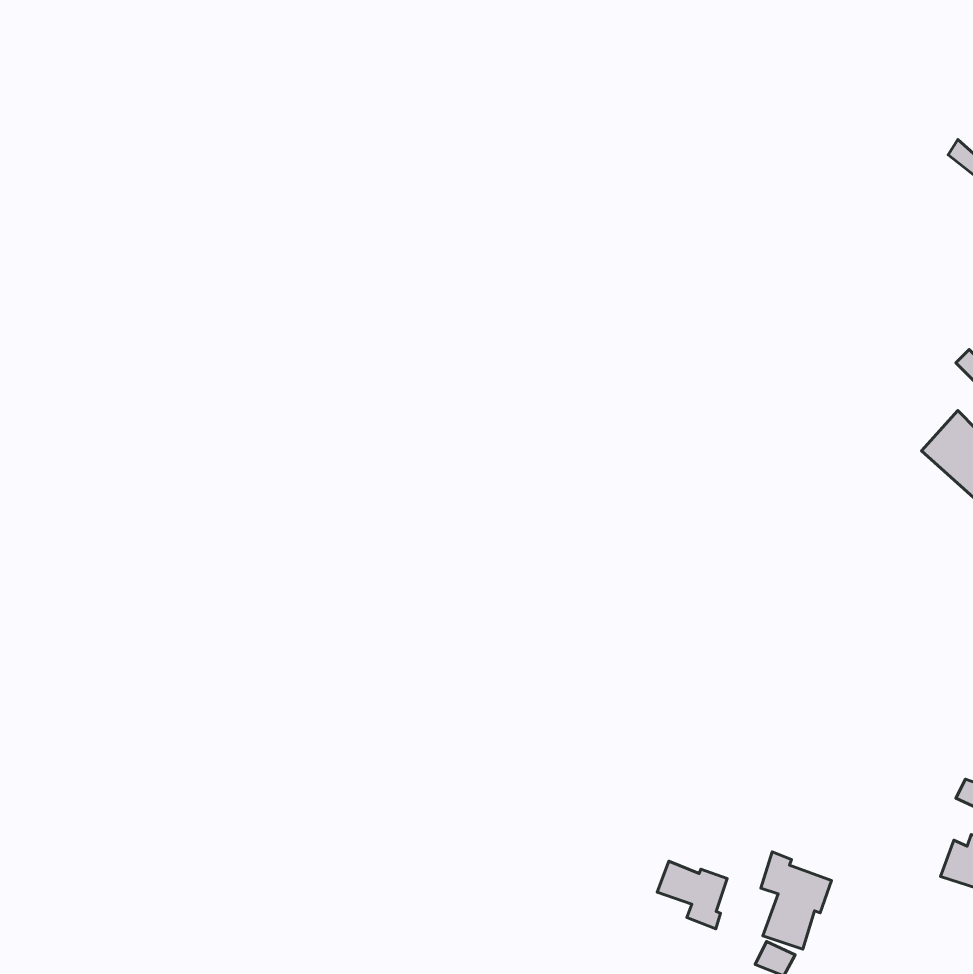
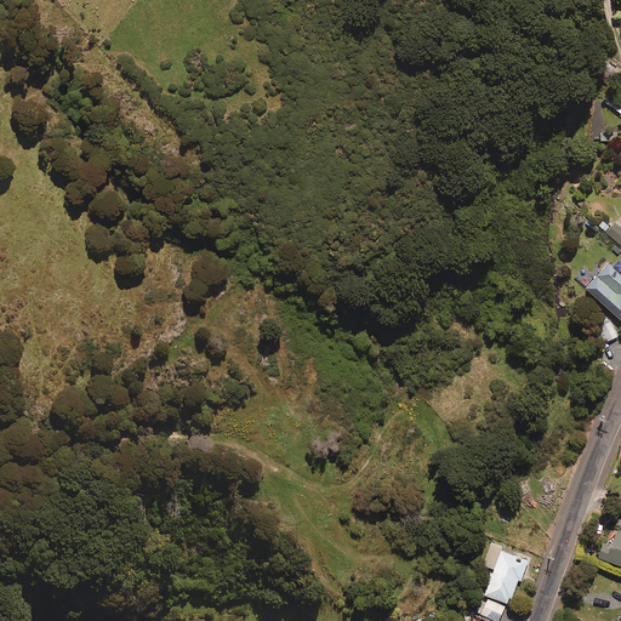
building: [657,861,727,929] -> none

